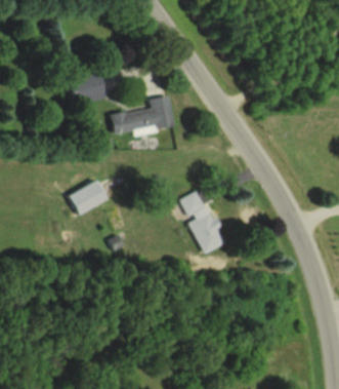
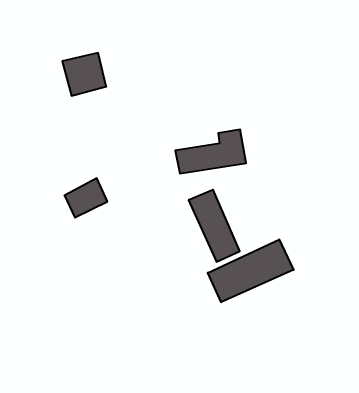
building: [112,95,174,134] -> [175,130,246,174]
building: none -> [208,239,294,302]

